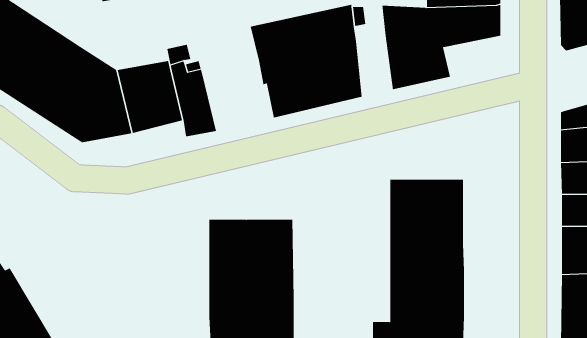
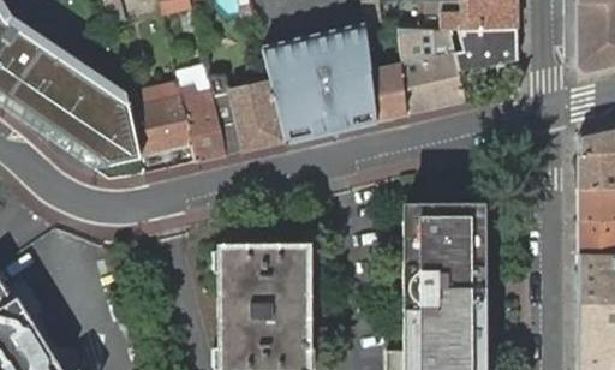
building: none -> [371,58,407,120]
building: none -> [214,83,286,155]

